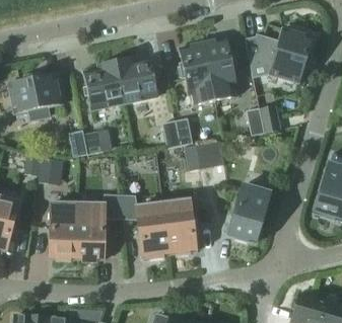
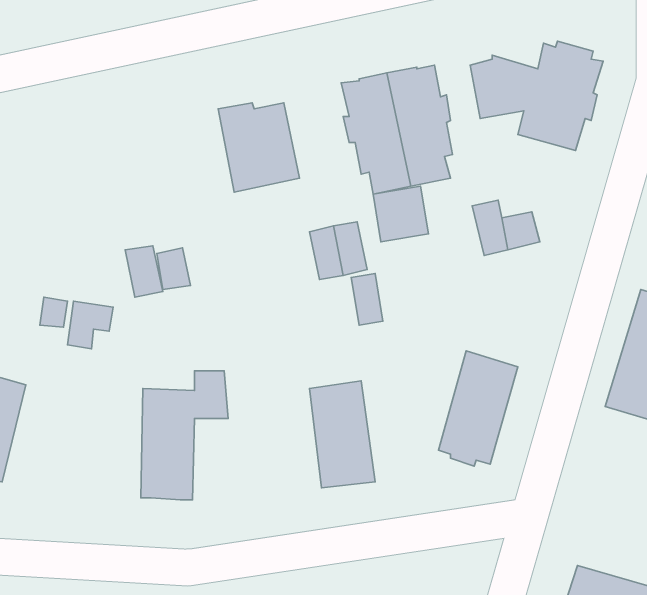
building: [83,61,124,109] -> none
building: [8,73,63,120] -> none
building: [196,141,224,169] -> [373,186,429,242]
building: [119,194,168,259] -> none
building: [49,204,77,259] -> none

